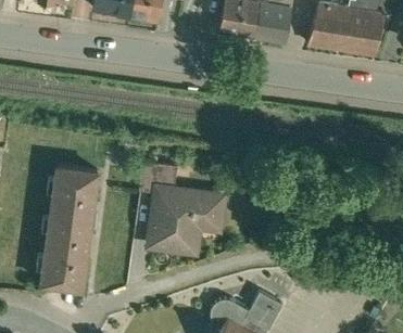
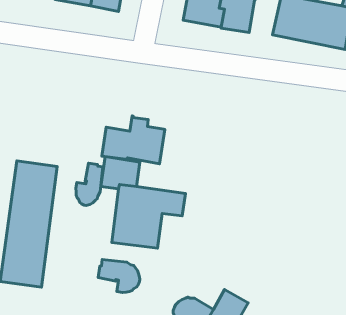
building: none -> [102,116,165,164]
building: none -> [76,163,103,205]
building: none -> [98,259,140,292]

